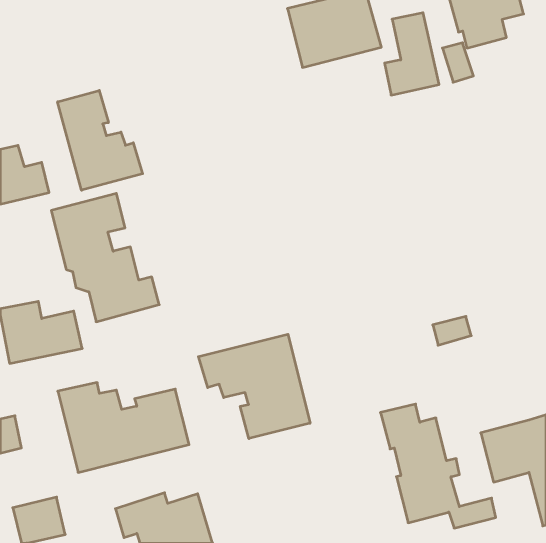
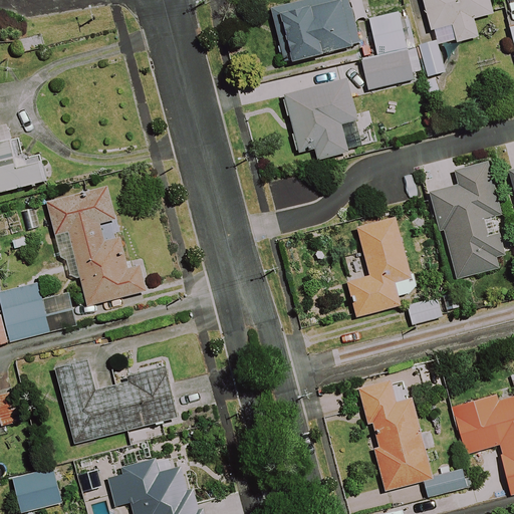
building: none -> [283,78,357,160]
building: [58,90,143,190] -> none
building: none -> [430,162,502,278]
building: none -> [346,216,414,316]
building: [198,334,310,439] -> none

